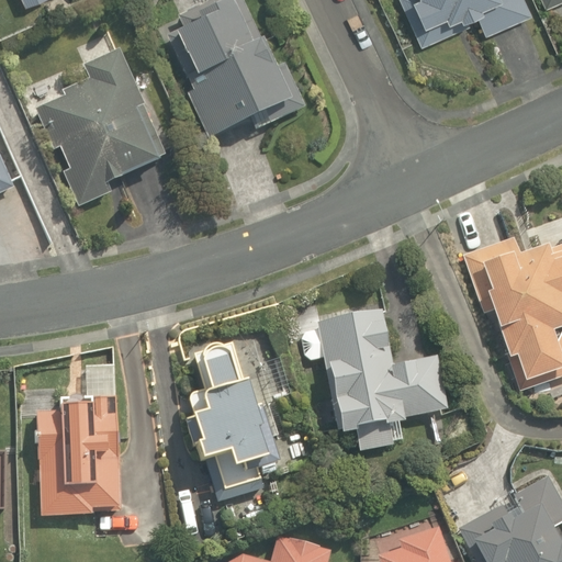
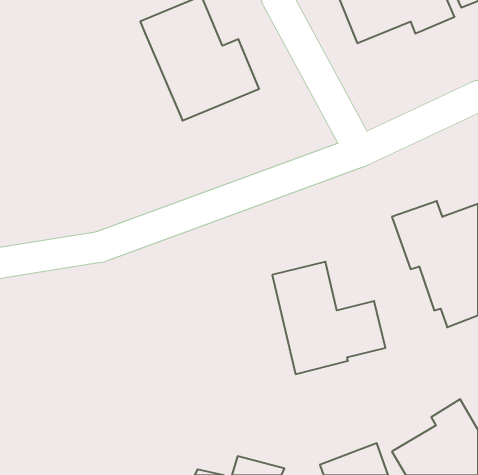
building: [41,50,166,206] -> none
building: [183,336,282,475] -> none
building: [36,395,123,516] -> none

